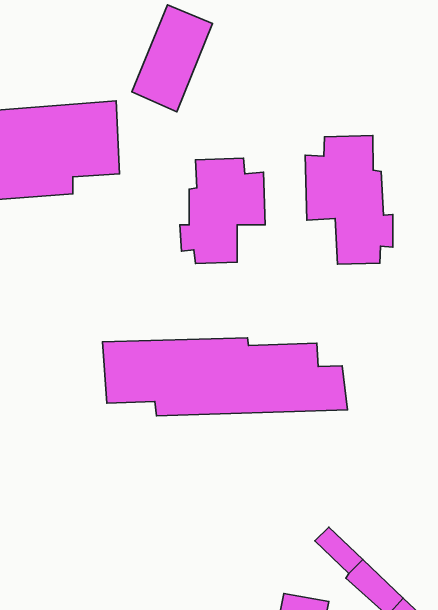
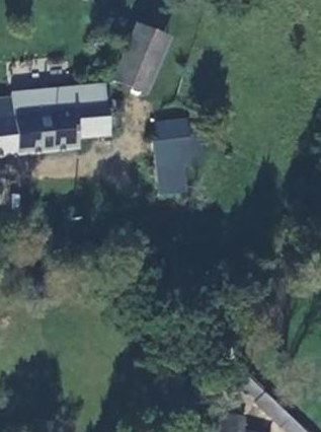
building: [305,136,393,264] -> none
building: [103,338,348,416] -> none

